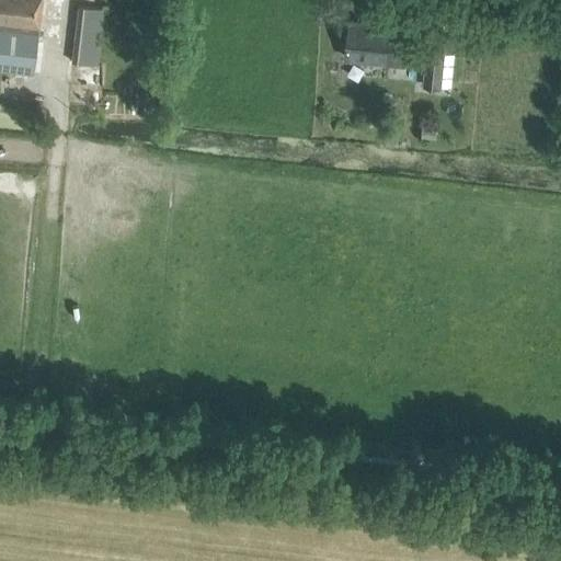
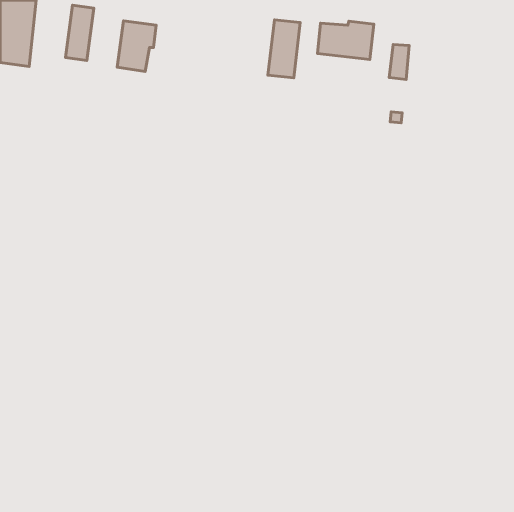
building: none -> [268,20,300,78]
building: none -> [117,21,156,71]

